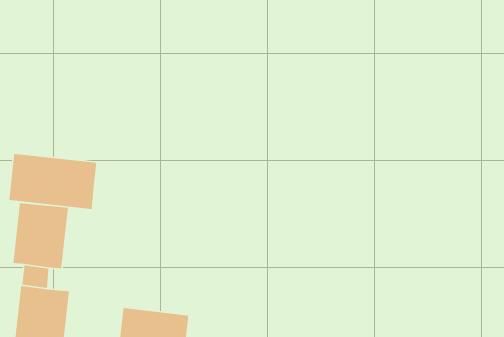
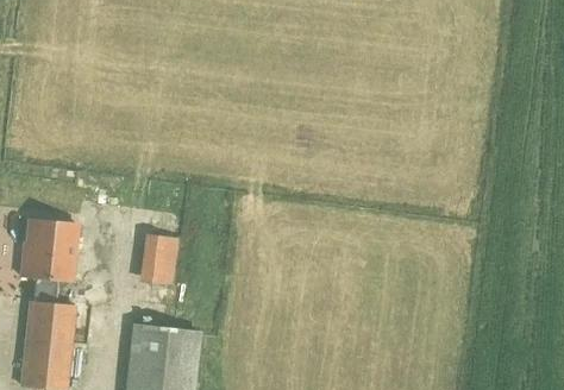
building: [9,153,97,210] -> none
building: none -> [145,229,181,282]

